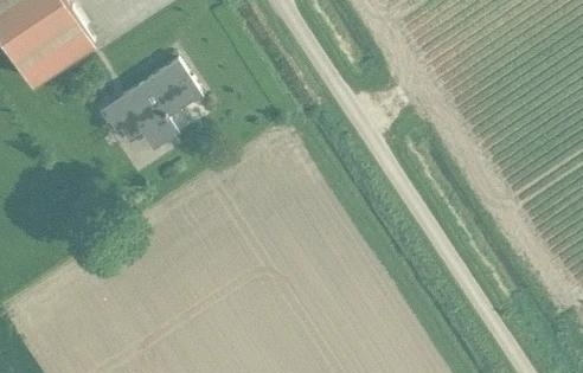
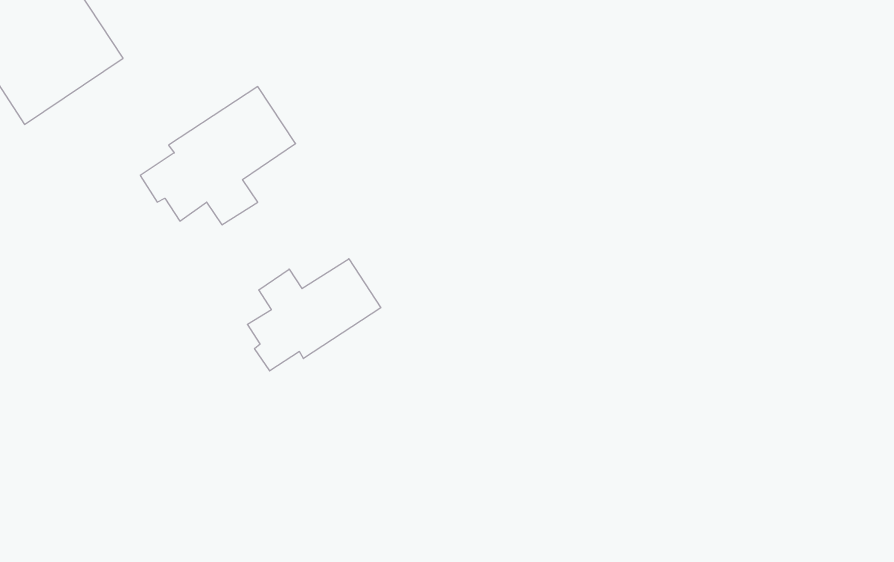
building: none -> [247,259,381,371]

